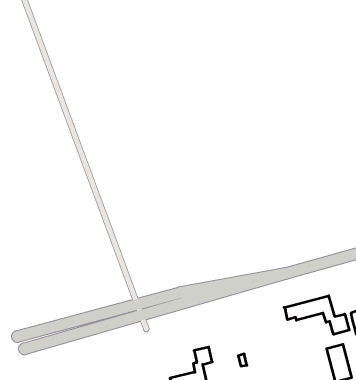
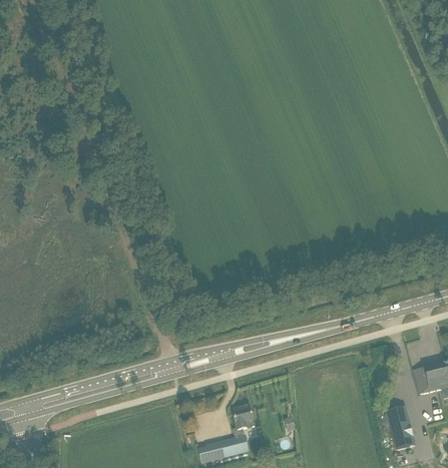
building: [284,296,349,334] -> none

